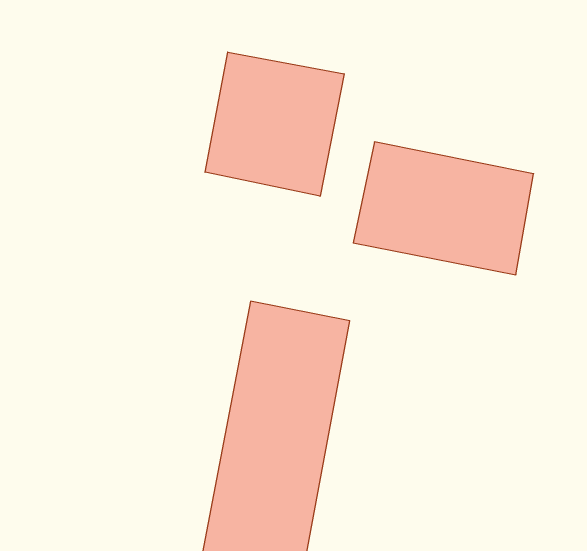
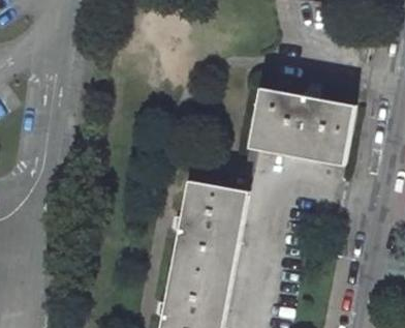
building: [205,52,344,196] -> none

